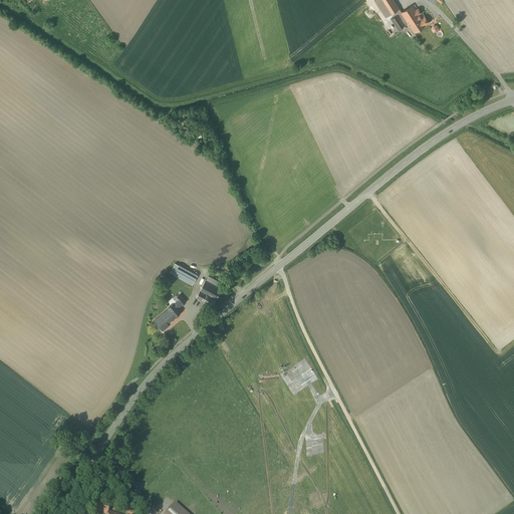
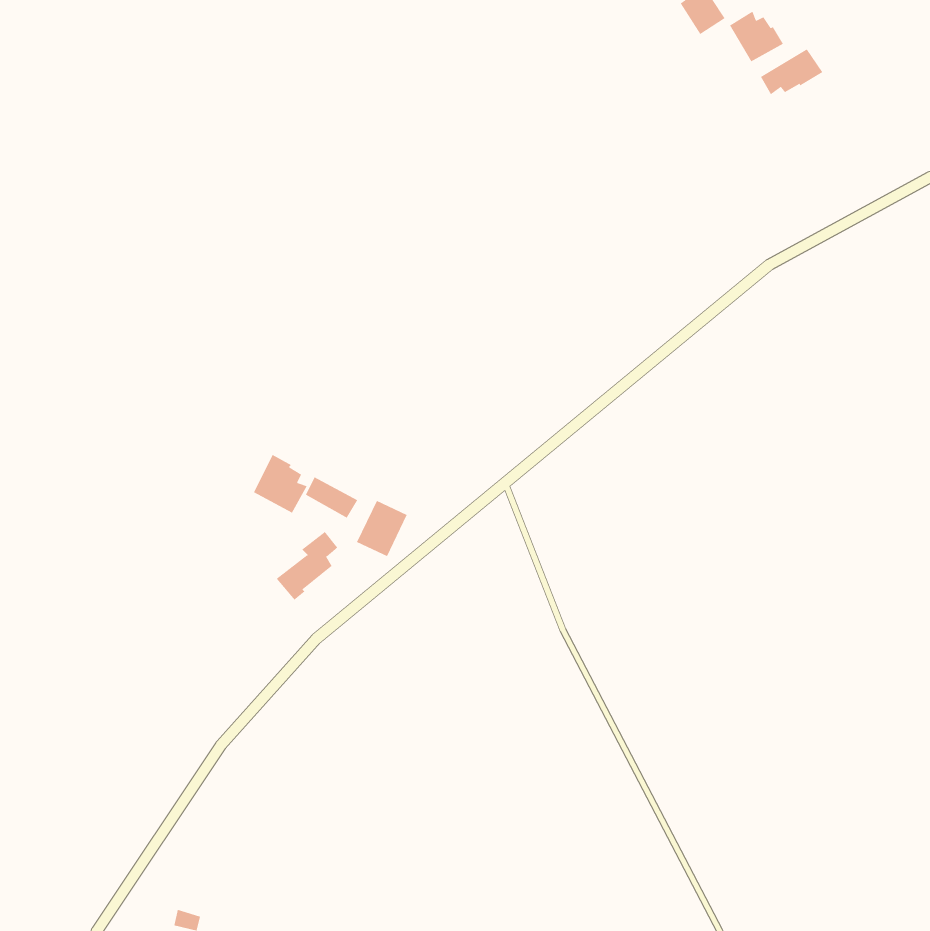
building: none -> [760,49,823,95]
building: none -> [253,454,308,514]

